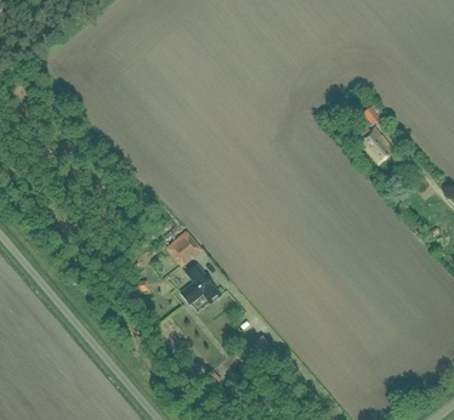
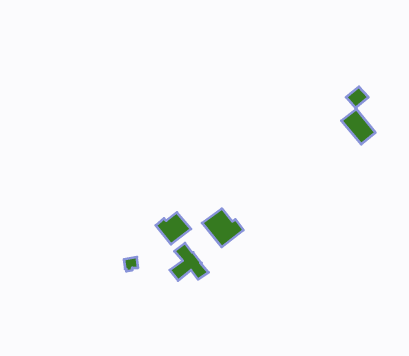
building: none -> [202,209,243,247]

